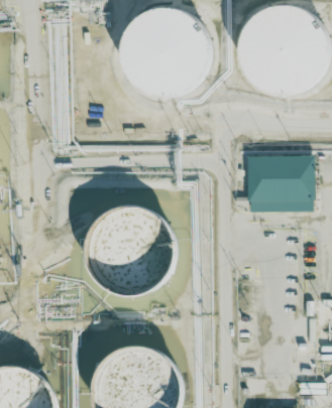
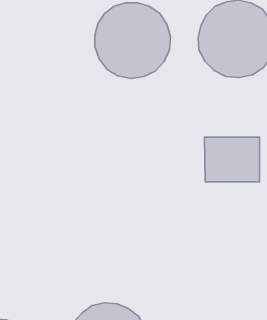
building: [87,205,176,293] -> none

